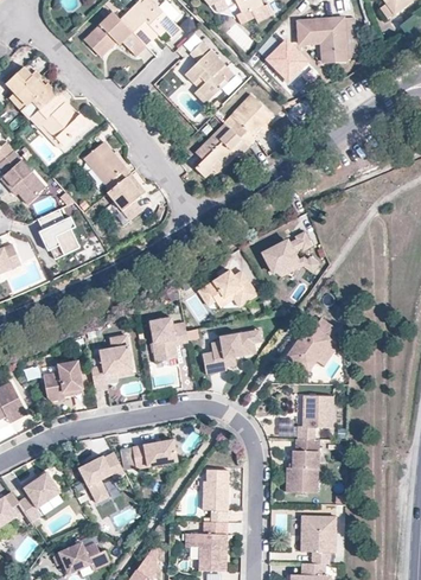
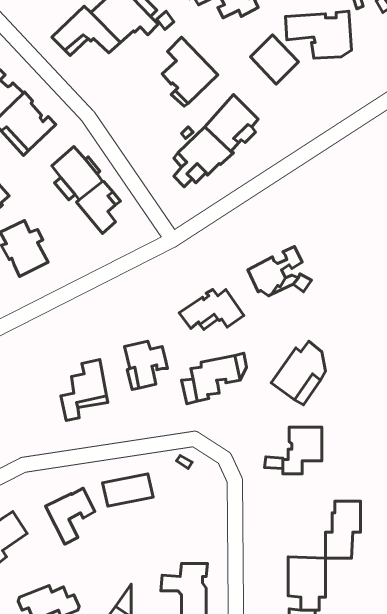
building: [40,362,81,401] -> none
building: [283,439,315,491] -> [326,501,361,558]
building: [200,469,225,521] -> none

